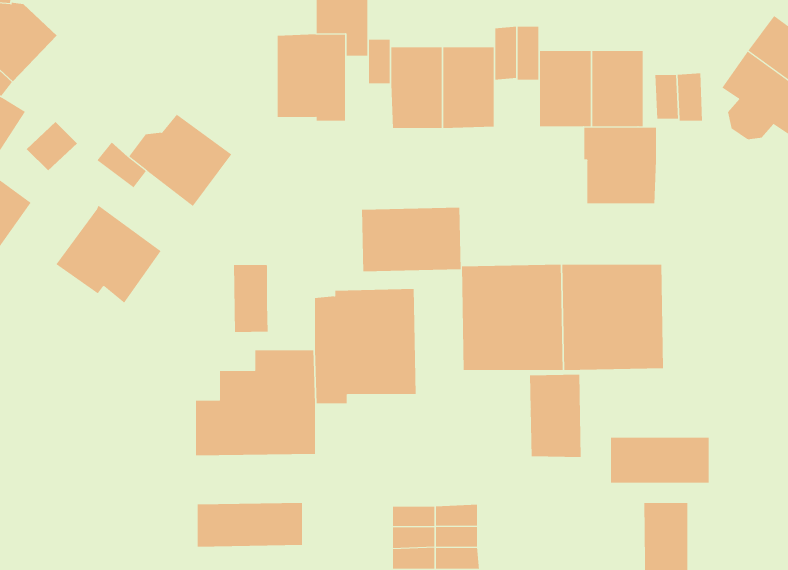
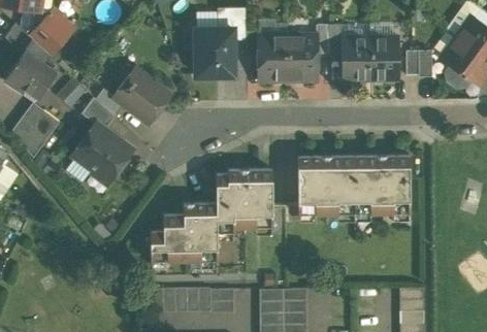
building: [584,127,657,204] -> none
building: none -> [82,97,116,129]
building: [361,207,461,272] -> none
building: [233,264,268,333] -> none
building: [530,374,581,458] -> none
building: [611,437,709,484] -> none
building: none -> [210,289,234,312]

